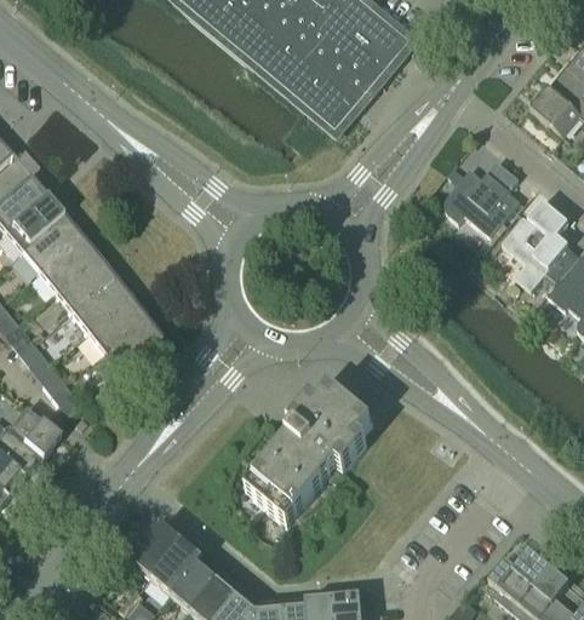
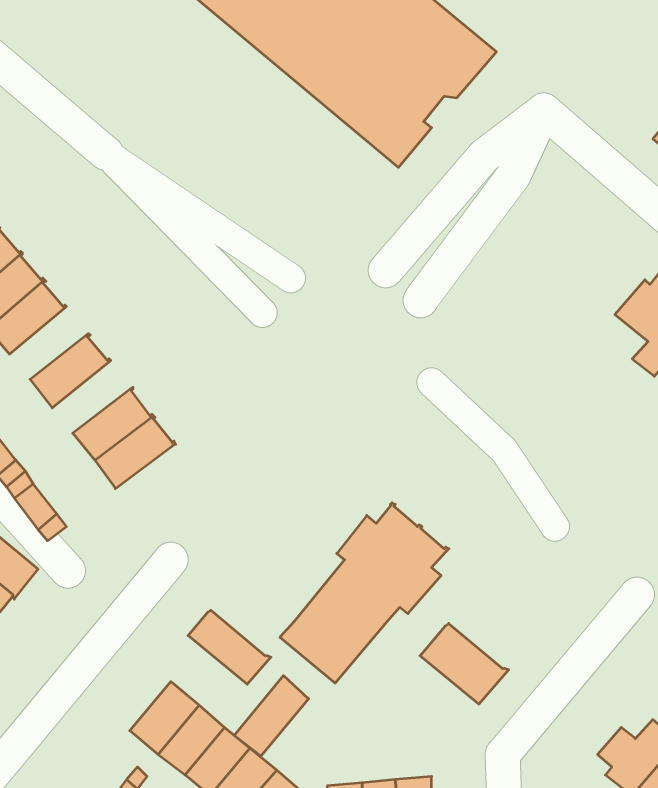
building: [445,160,521,236] -> none
building: [38,236,98,292] -> none
building: [70,277,132,333] -> none
building: none -> [188,610,271,684]
building: none -> [420,623,509,704]
building: none -> [234,676,309,756]

